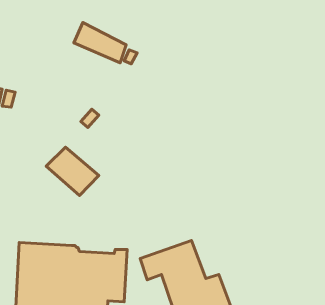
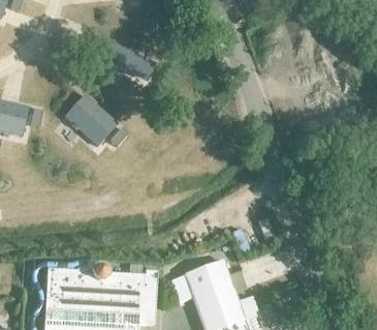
building: [46,147,99,196] -> [66,96,120,146]

